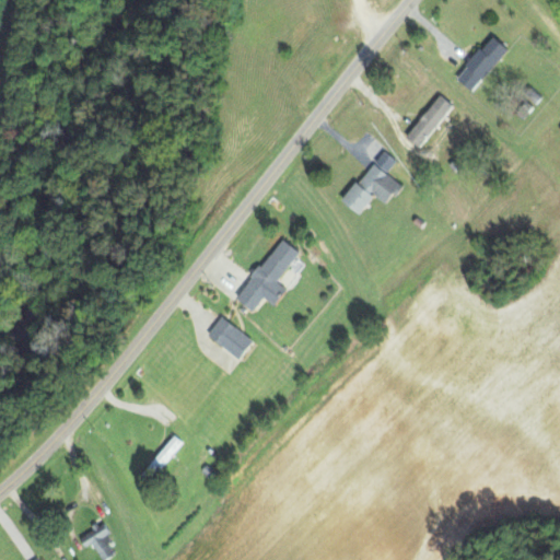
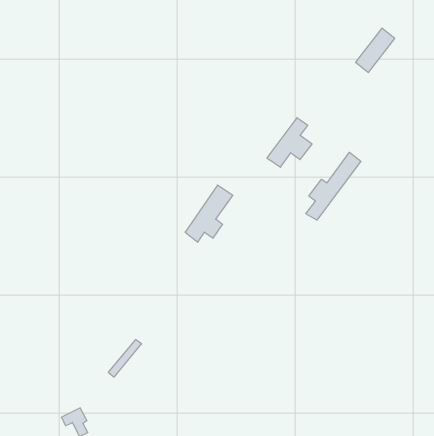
building: [405,96,453,148] -> none
building: none -> [306,152,361,220]
building: [207,316,254,359] -> none

